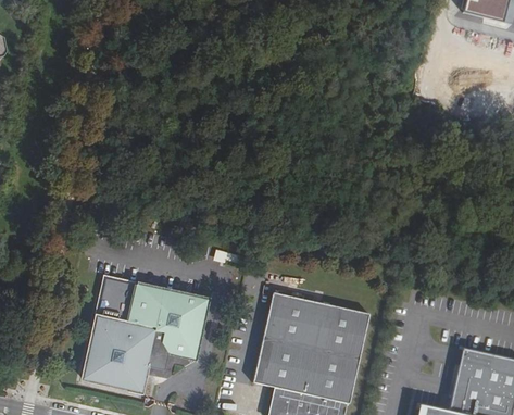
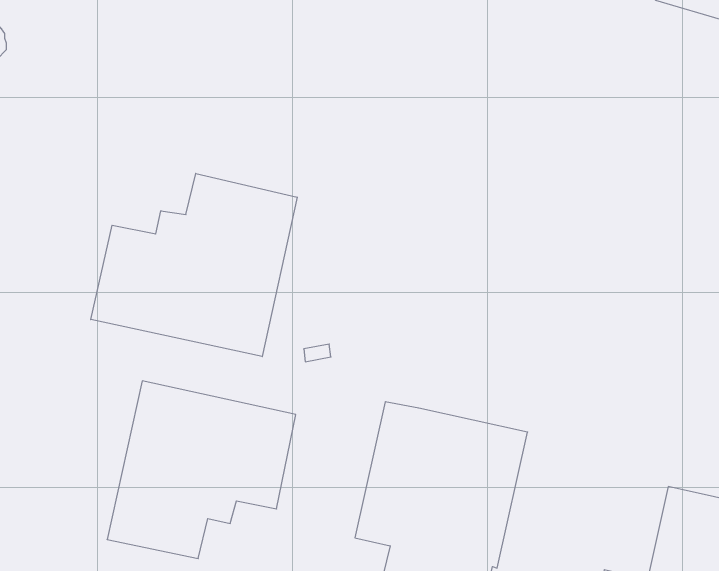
building: none -> [91,173,297,357]

